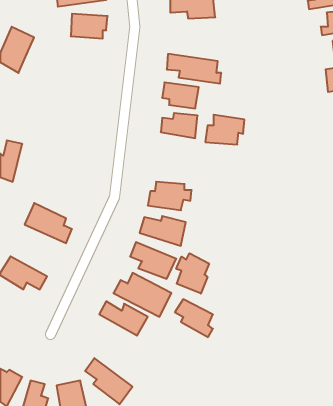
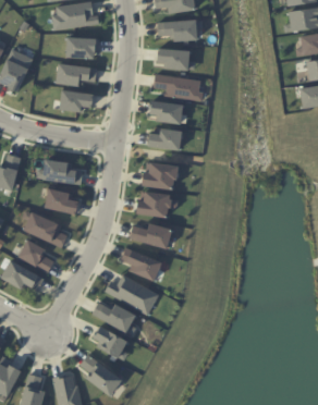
building: none -> [157,49,189,71]
building: none -> [56,63,97,87]
building: none -> [59,90,93,113]
building: [205,115,244,144] -> [142,162,178,189]
building: none -> [41,160,83,185]
building: none -> [44,188,78,216]
building: none -> [17,240,53,273]
building: [176,253,209,294] -> none
building: [175,299,213,337] -> [93,327,127,361]

